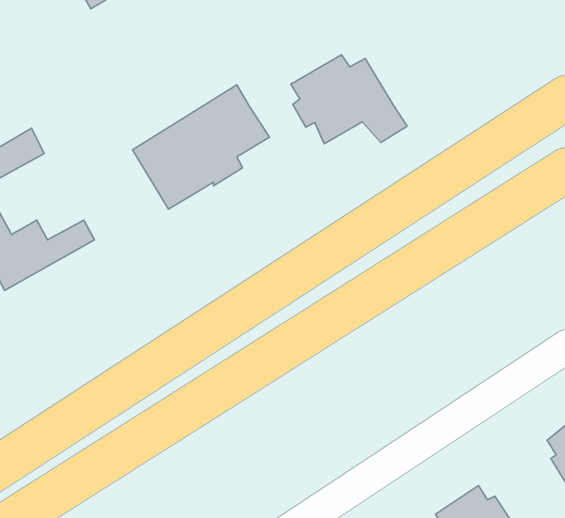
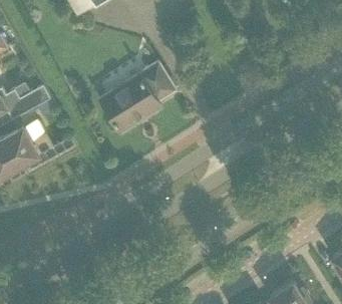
building: [291,55,407,144] -> none

